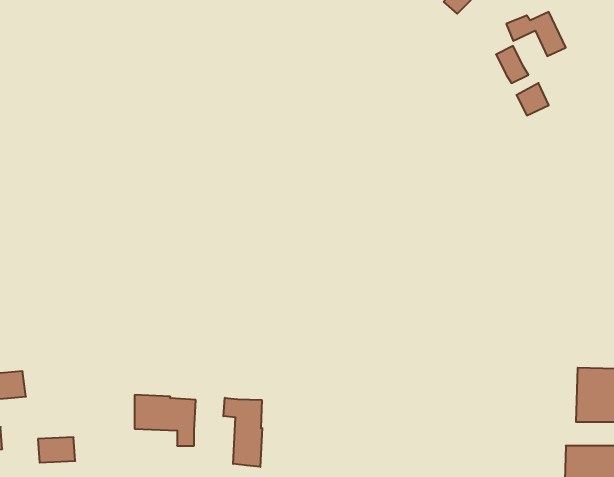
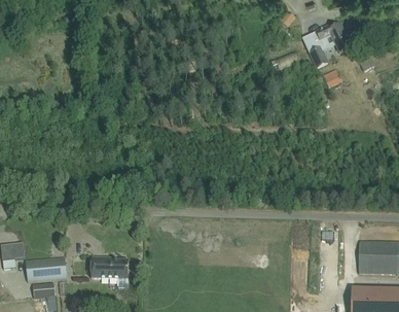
building: none -> [26,257,67,281]
building: [223,398,262,467] -> none

